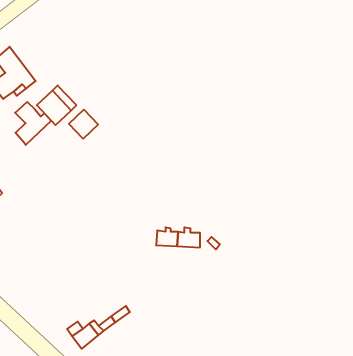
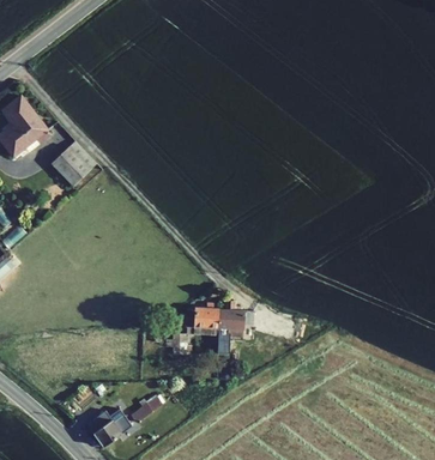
building: [15,102,51,145] -> none
building: [69,110,98,139] -> none

